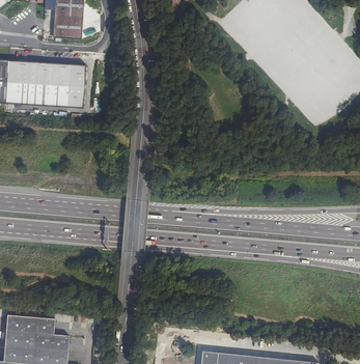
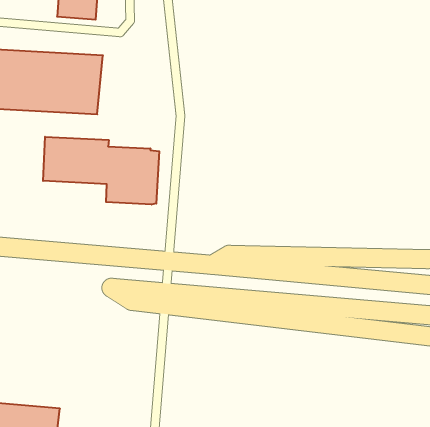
building: none -> [43,137,159,205]

